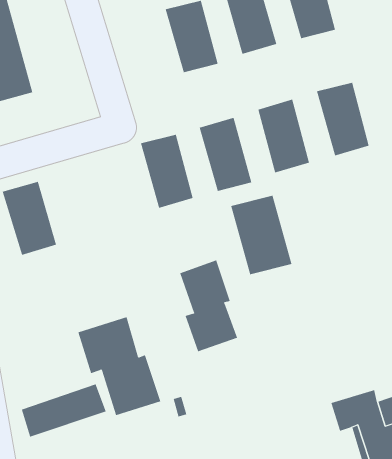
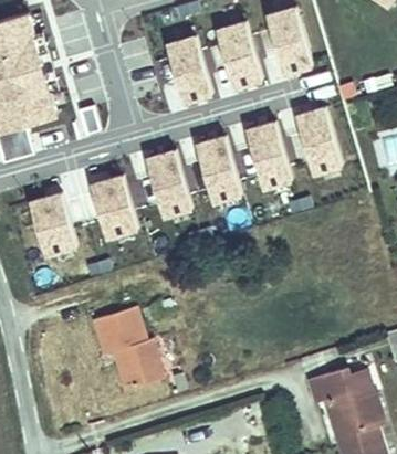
building: none -> [91,173,137,236]
building: [230,195,292,275] -> none
building: [179,260,238,352] -> none
building: [21,383,107,437] -> none

